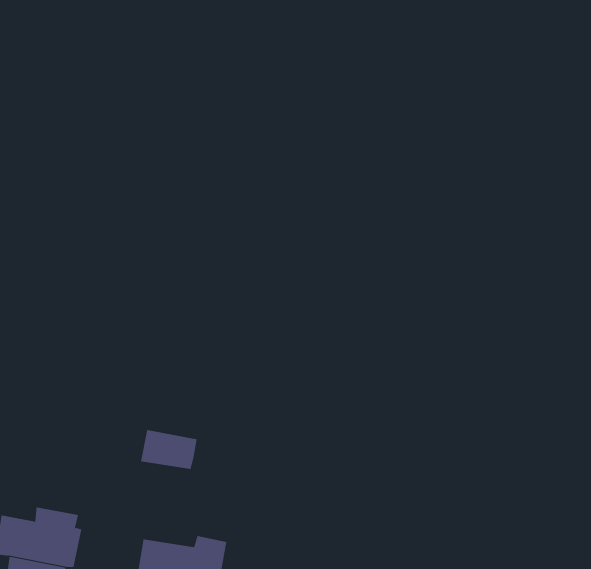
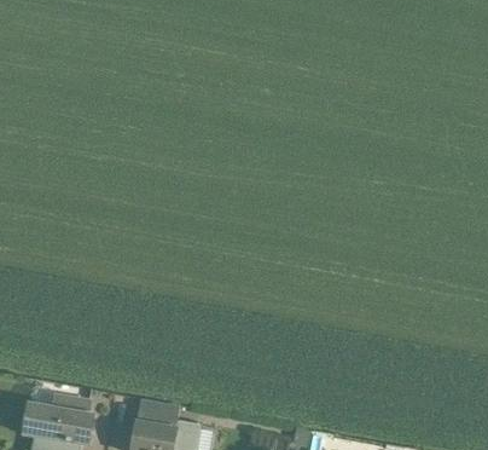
building: [140,430,197,469] -> [135,402,179,432]

